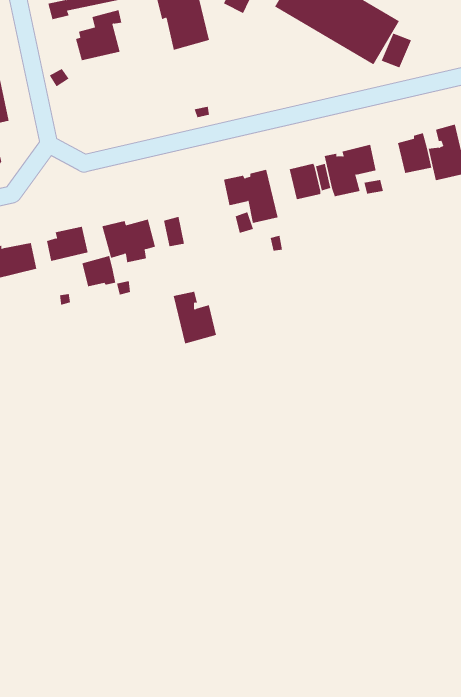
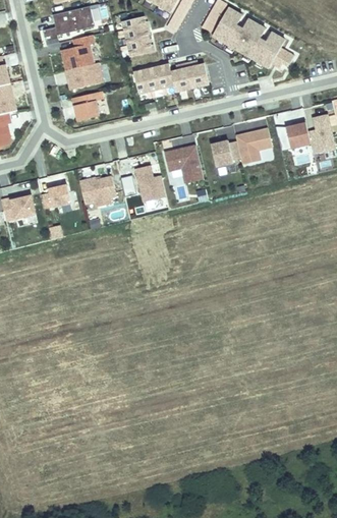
building: none -> [133,58,211,101]
building: none -> [64,61,102,89]
building: none -> [71,90,102,119]
building: [82,255,116,287] -> none
building: [173,291,217,344] -> [134,164,165,200]

